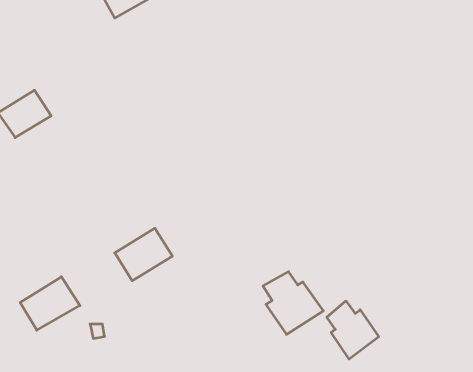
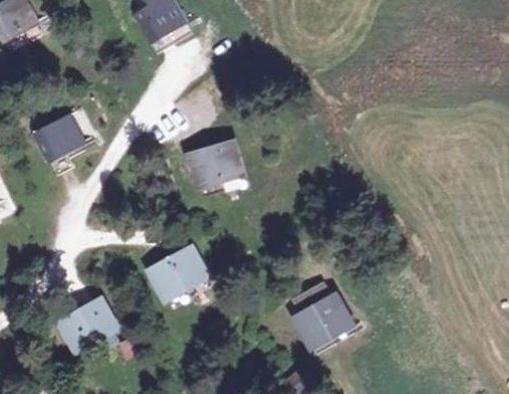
building: none -> [188,135,241,179]
building: [327,301,379,359] -> none

